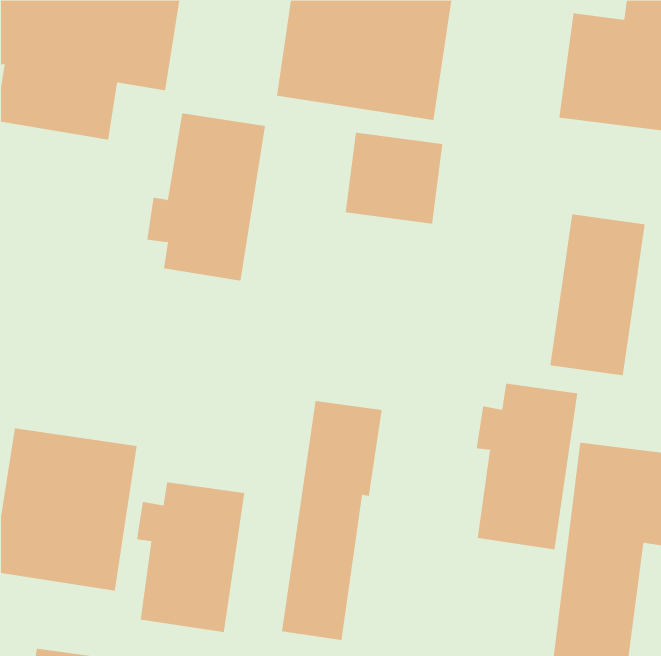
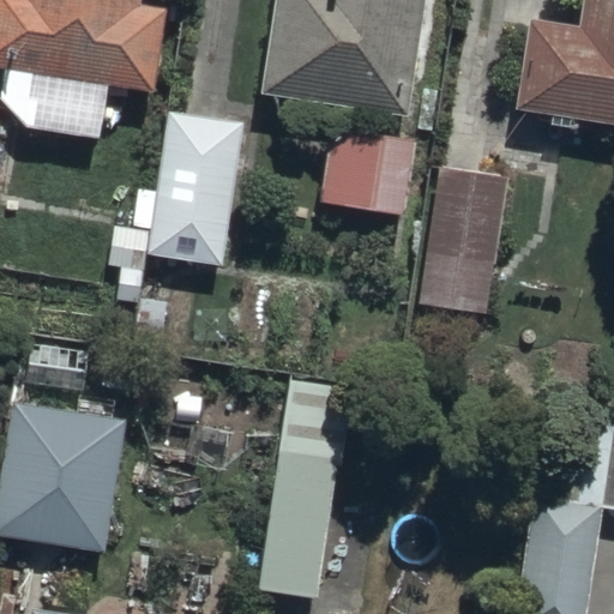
building: [550,214,645,376] -> [414,165,502,315]
building: [476,383,578,550] -> none
building: [137,482,245,633] -> none

